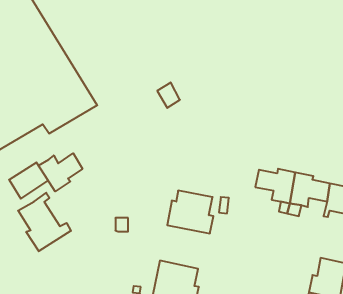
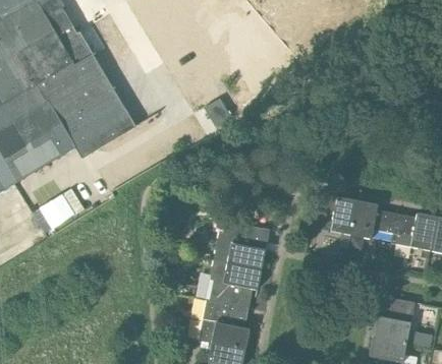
building: [39,153,82,191] -> none
building: [18,193,71,251] -> none
building: none -> [206,260,262,309]

